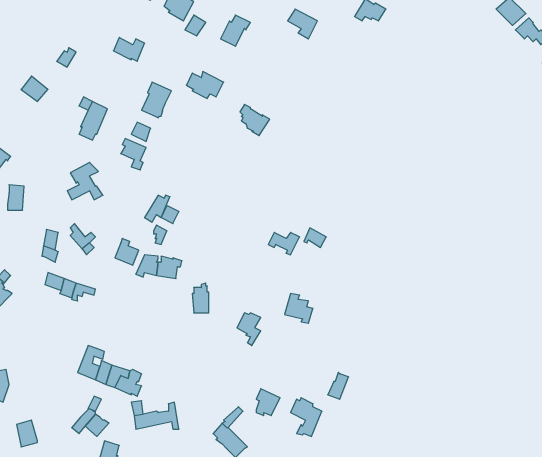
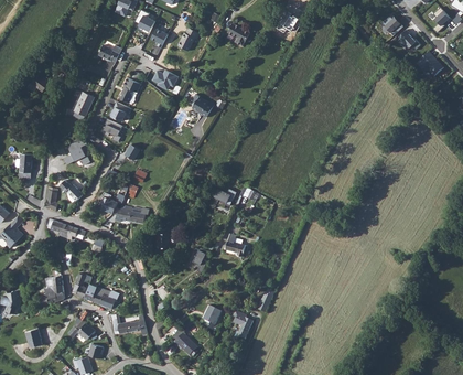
building: none -> [36,275,64,307]

